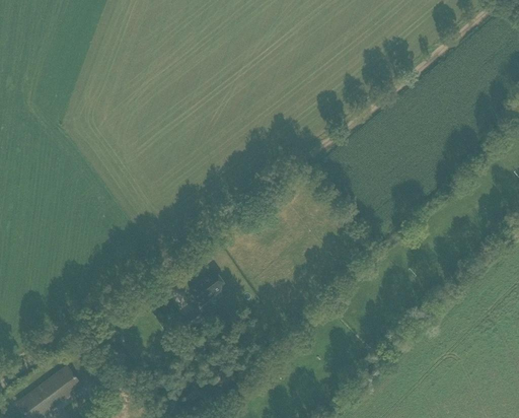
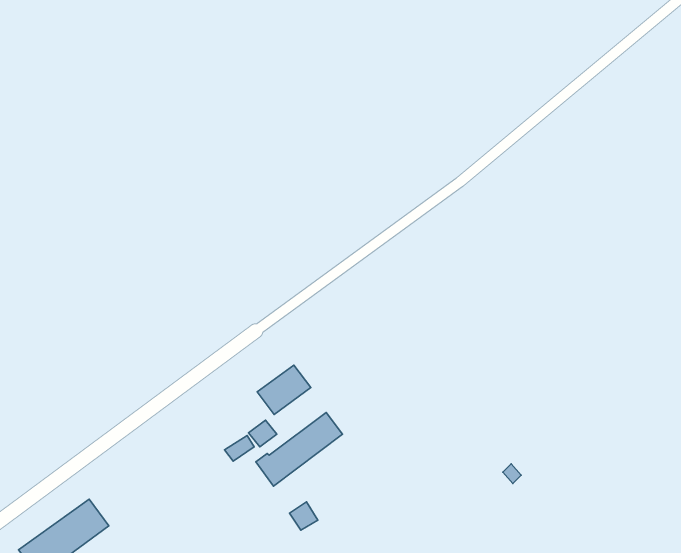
building: none -> [256,413,342,486]

